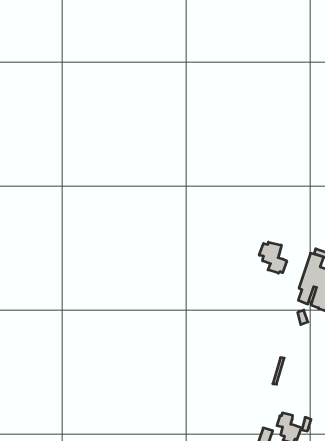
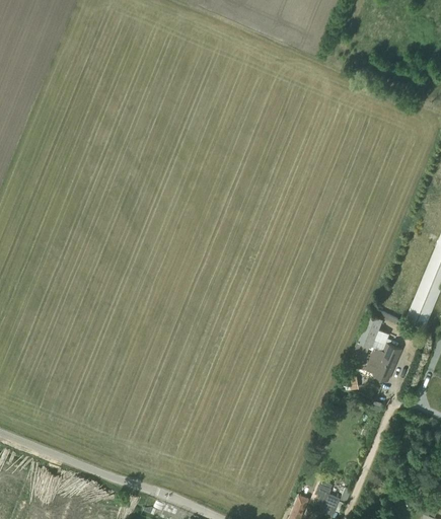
building: [259,242,287,273] -> none

